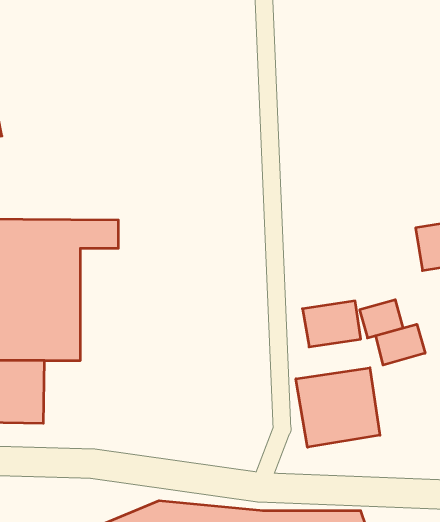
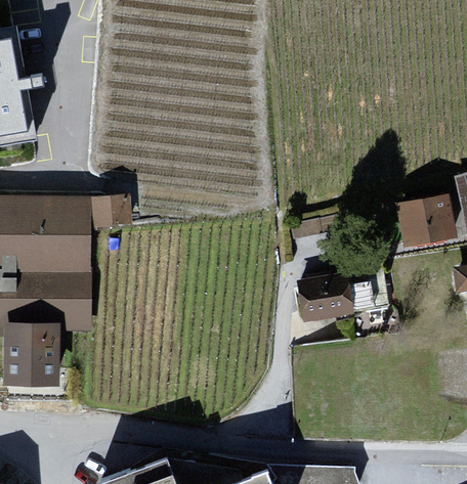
building: [376,324,425,365] -> none
building: [296,368,380,447] -> none

